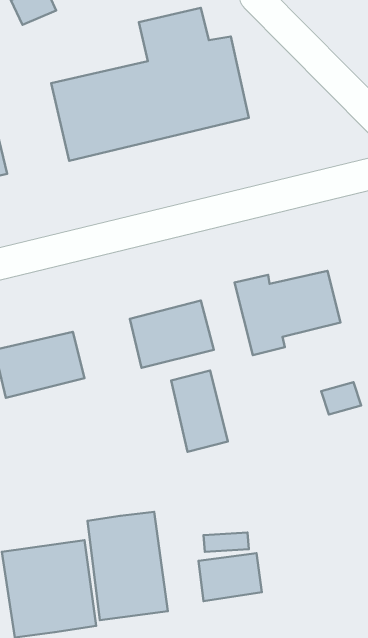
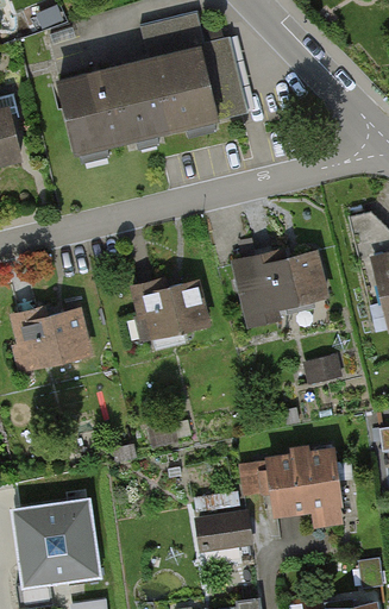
building: [171,371,228,452] -> none
building: none -> [264,446,343,533]
building: [87,512,168,620] -> none

